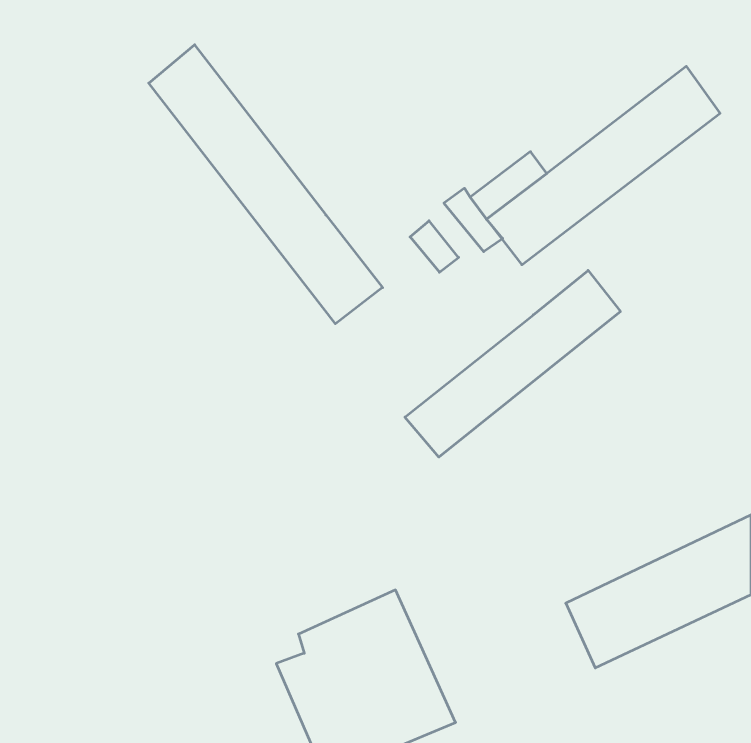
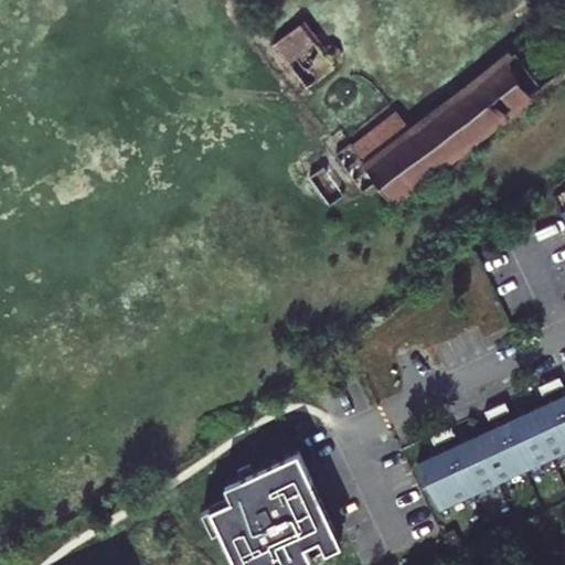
building: none -> [270,28,334,94]
building: [149,45,383,324] -> none
building: [405,270,620,457] -> none

